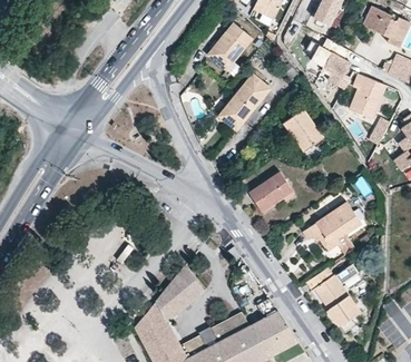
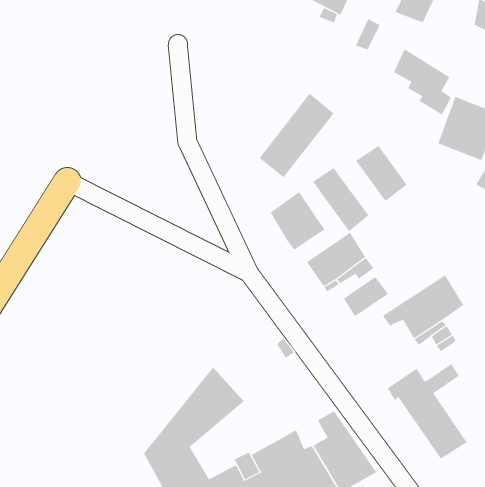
building: [208,22,253,70] -> none
building: none -> [312,167,369,232]
building: none -> [270,191,325,250]
building: none -> [343,276,389,317]

